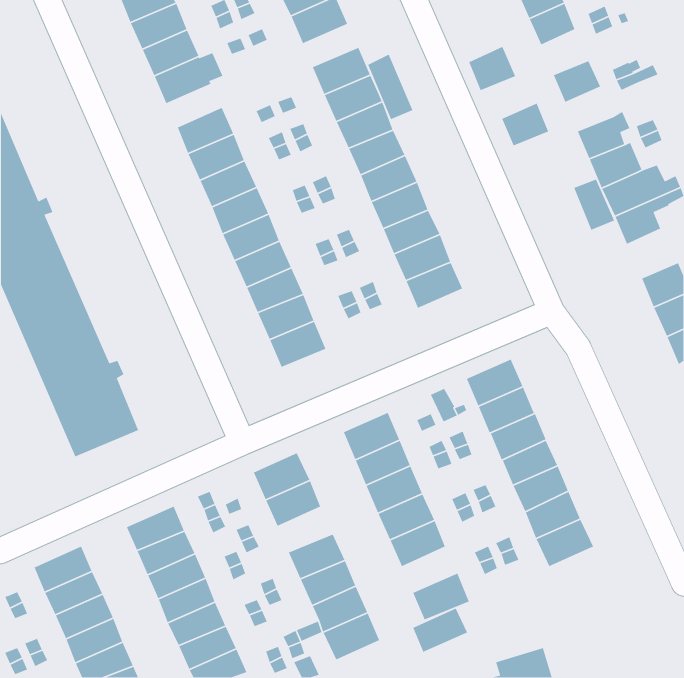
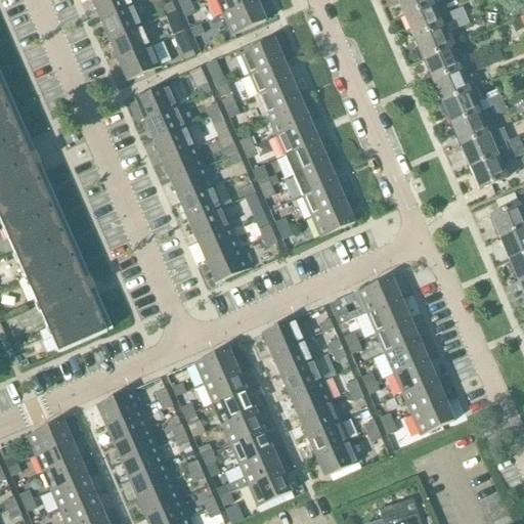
building: [468,46,516,91] -> [413,23,450,57]
building: [367,54,414,120] -> none
building: [501,102,549,147] -> [432,67,469,100]
building: [573,178,615,231] -> none
building: none -> [212,388,255,423]
building: [412,607,468,653] -> [307,419,350,453]

